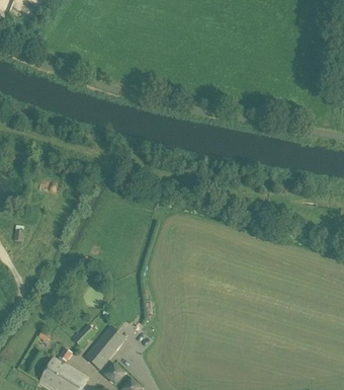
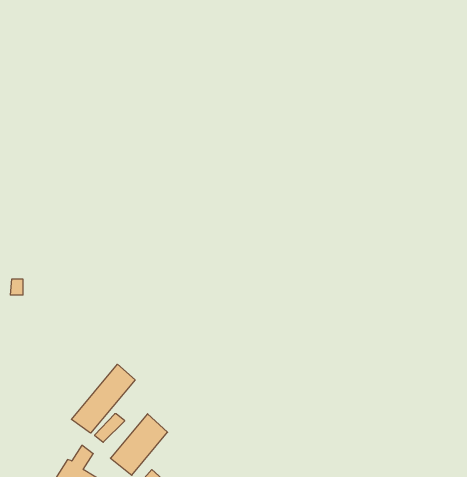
building: none -> [71,364,135,433]

